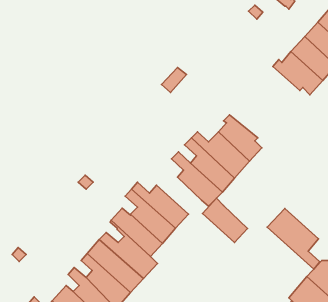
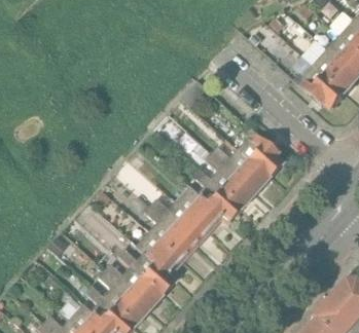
building: [202,198,248,243] -> [175,185,221,230]
building: [267,208,320,269] -> none

